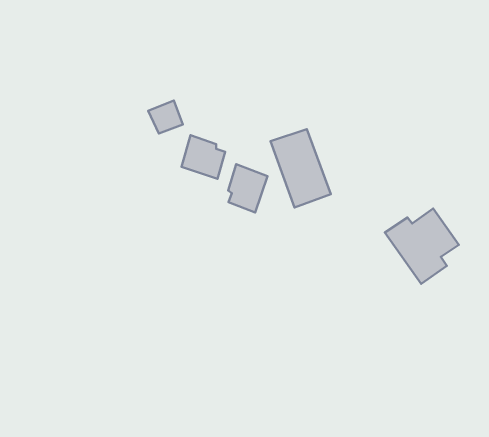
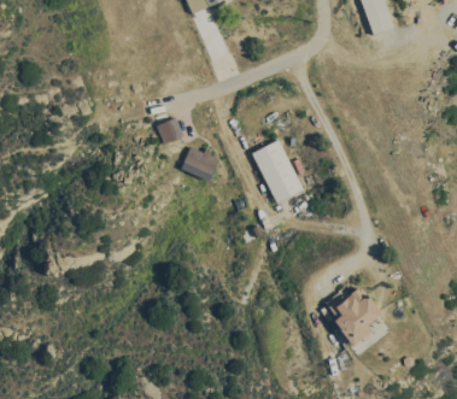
building: [228,164,267,213] -> none
building: [385,208,459,284] -> [323,287,382,347]

